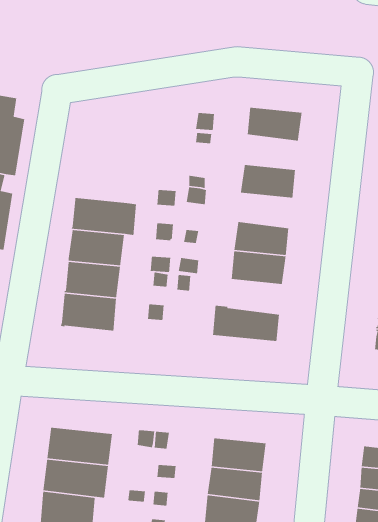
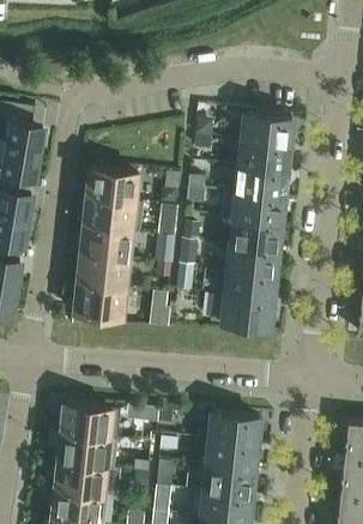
building: none -> [240,141,289,173]
building: none -> [86,169,138,203]
building: none -> [222,192,284,225]
building: none -> [225,272,274,303]

